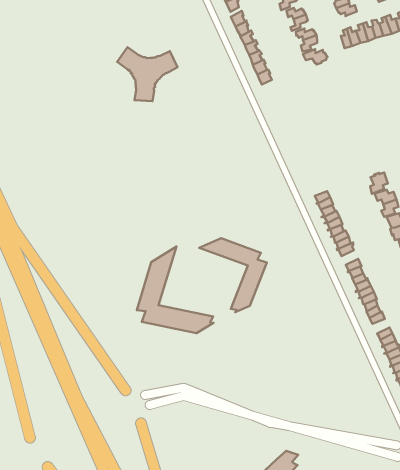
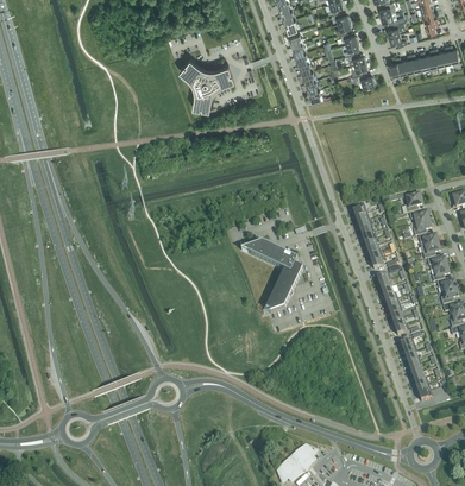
building: [137,247,214,333] -> none

